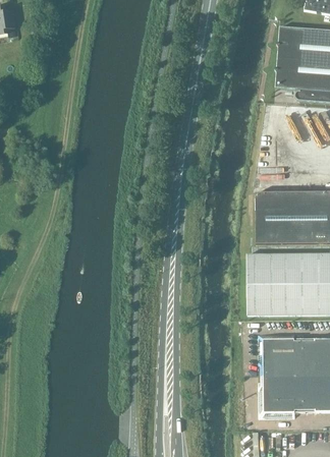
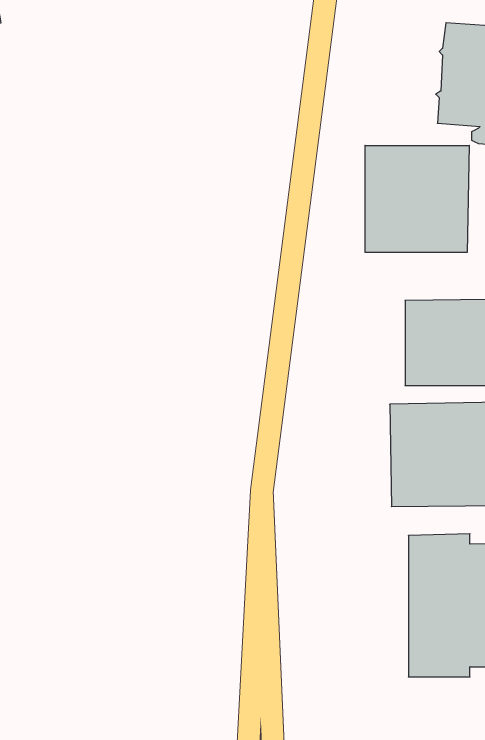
building: none -> [365,145,469,252]

